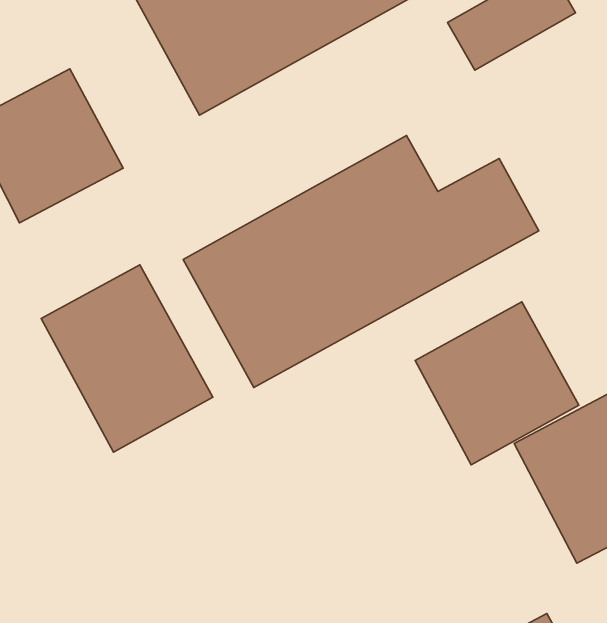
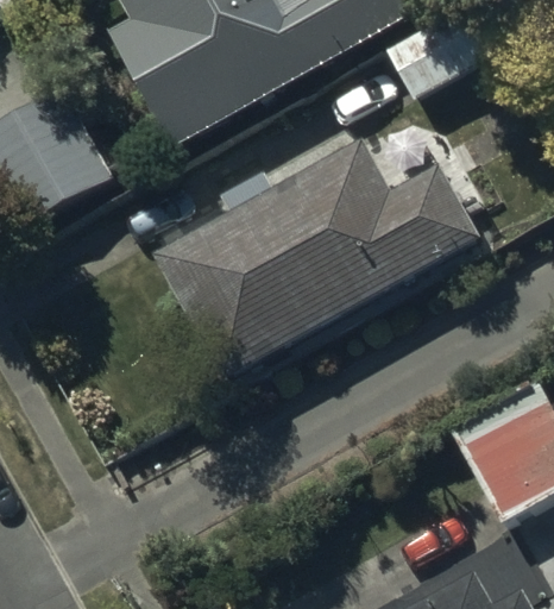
building: [41,265,213,452] -> none
building: [415,302,579,465] -> none

